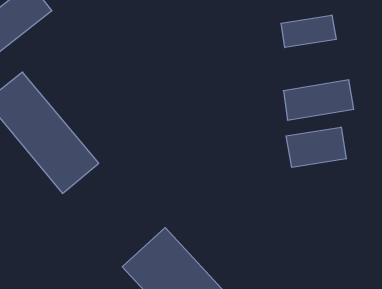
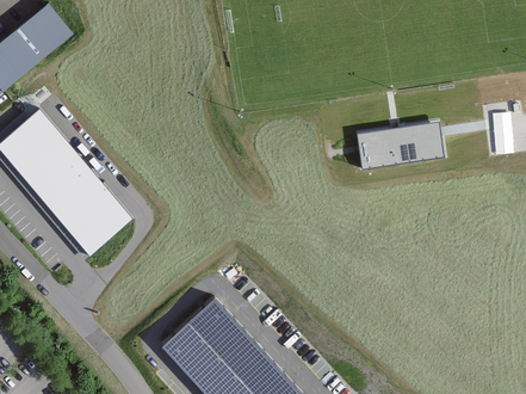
building: [281,15,336,48] -> none
building: [286,127,346,167] -> none

